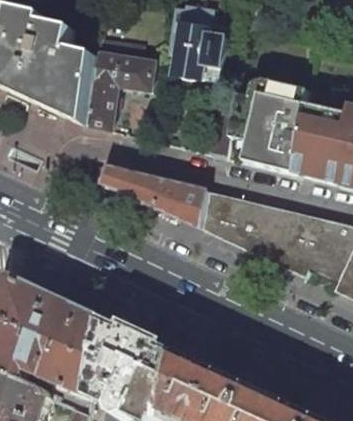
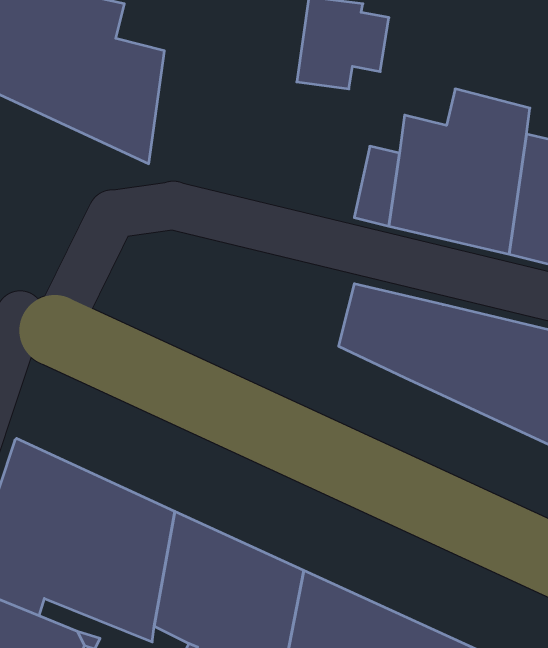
building: [87,52,154,130] -> none
building: [100,166,205,218] -> none

